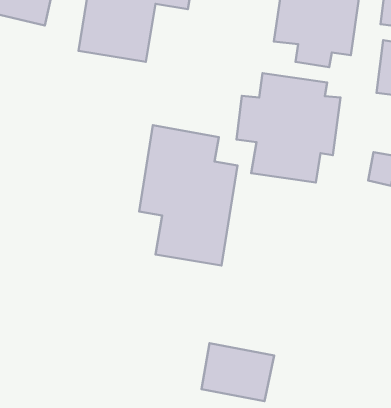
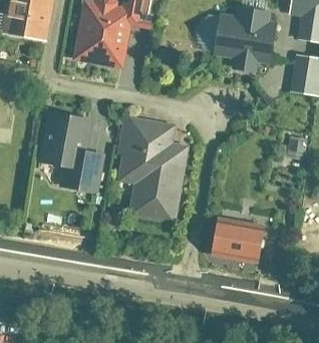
building: [236,73,341,182] -> none
building: none -> [39,108,105,192]
building: [201,343,274,401] -> [215,220,269,263]

